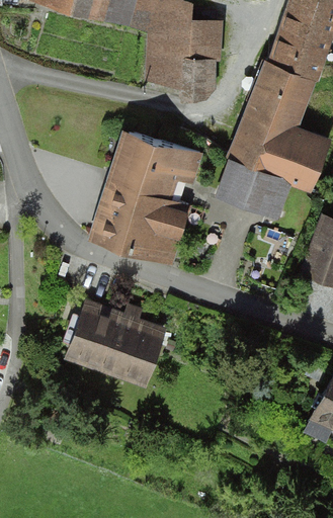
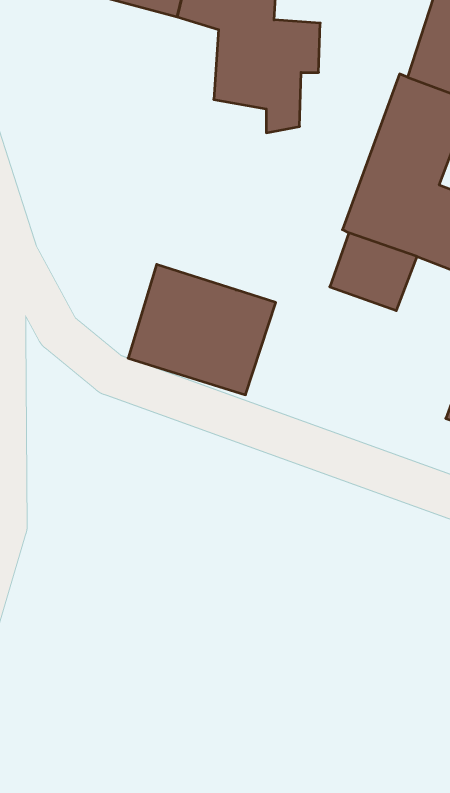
building: [114,128,201,195] -> none
building: [64,300,163,385] -> none

